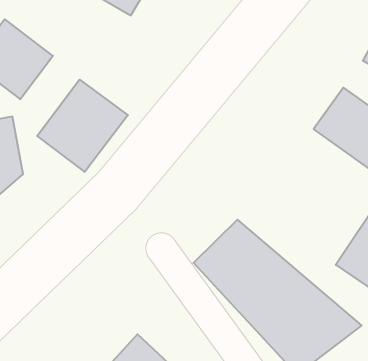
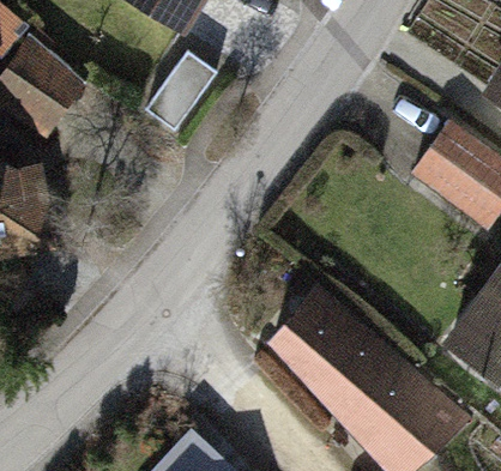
building: [37,80,128,172] -> none

